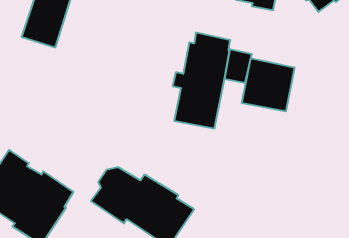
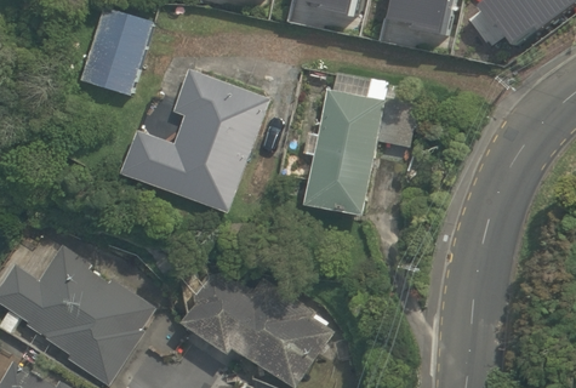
building: none -> [118,68,267,212]
building: [242,58,294,111] -> none

